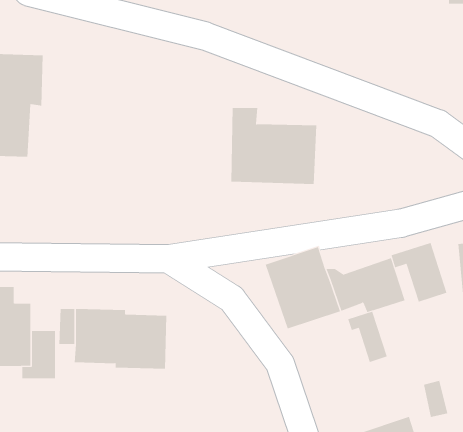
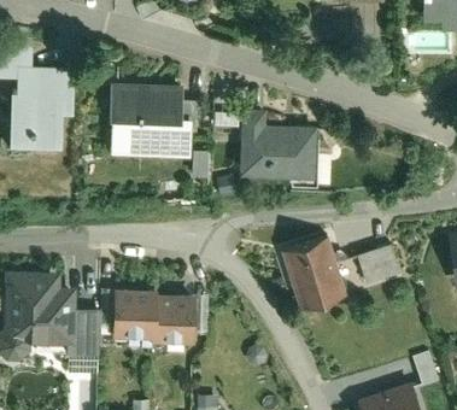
building: none -> [118,82,198,157]
building: [391,242,447,302] -> none
building: [348,311,387,363] -> none

